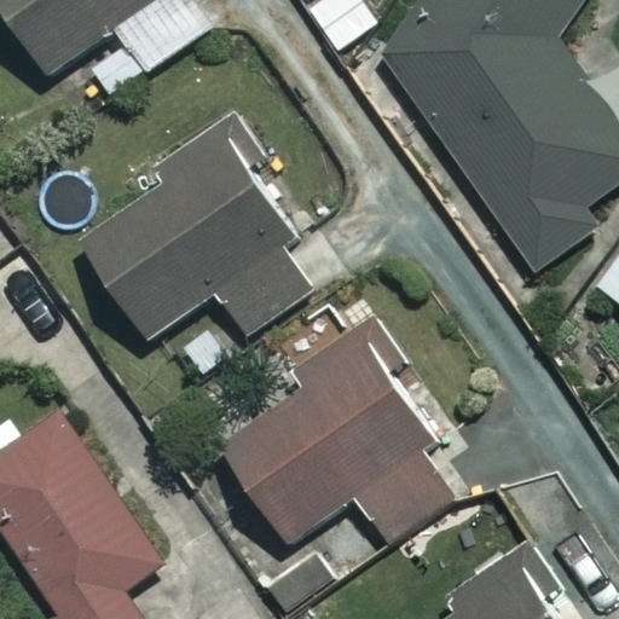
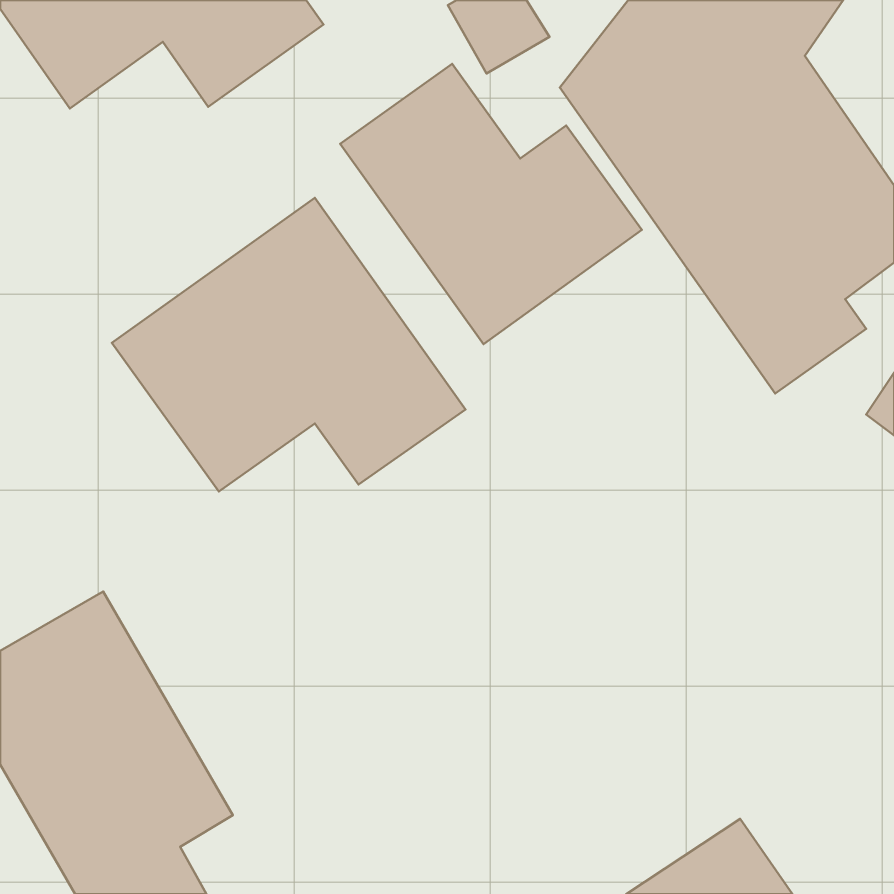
building: none -> [340,64,642,344]
building: [219,320,462,544] -> none

